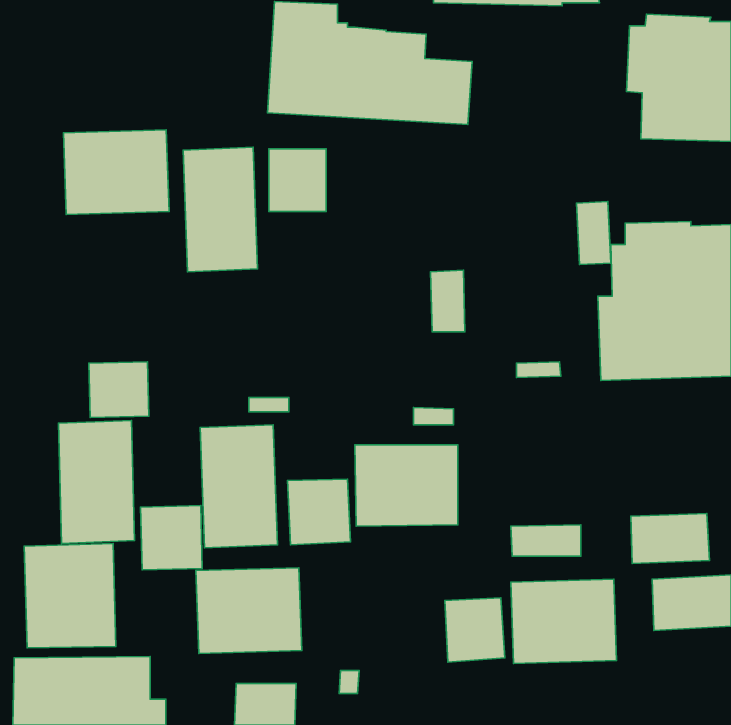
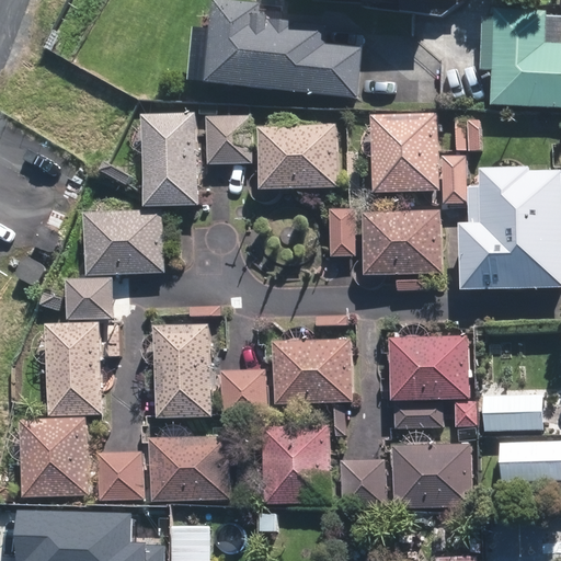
building: [63,130,169,214] -> [85,210,167,275]
building: none -> [369,114,438,192]
building: none -> [257,124,337,190]
building: none -> [360,209,443,275]
building: none -> [388,337,467,398]
building: [141,506,202,570] -> [98,450,145,500]
building: none -> [261,423,332,504]

